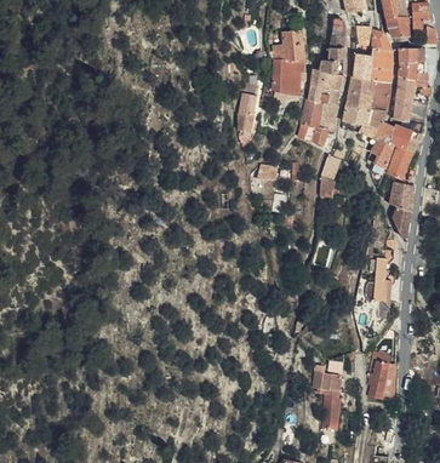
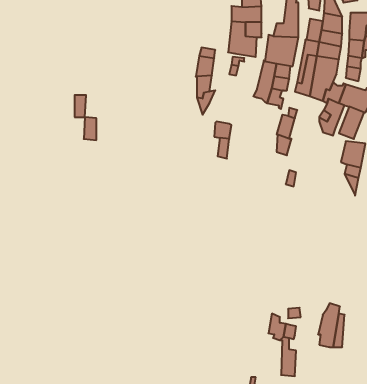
building: [362,251,392,307] -> none

